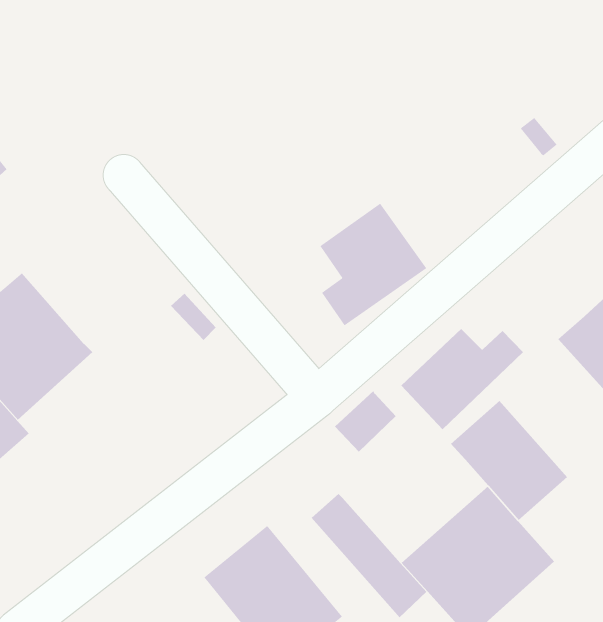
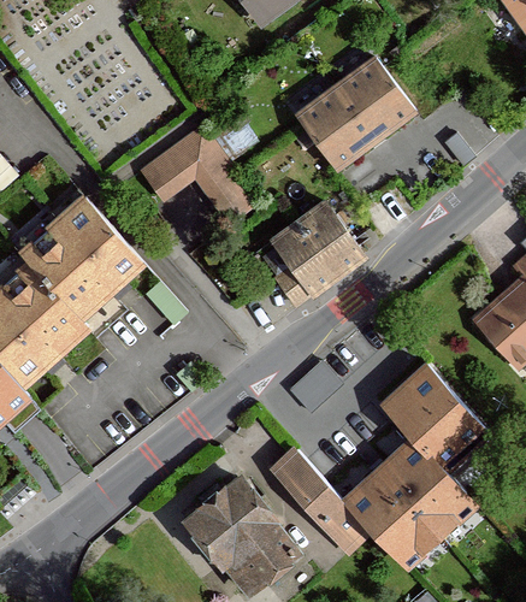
building: none -> [295,60,406,166]
building: none -> [142,128,256,222]
building: none -> [22,199,142,320]
building: [400,328,524,430] -> none

